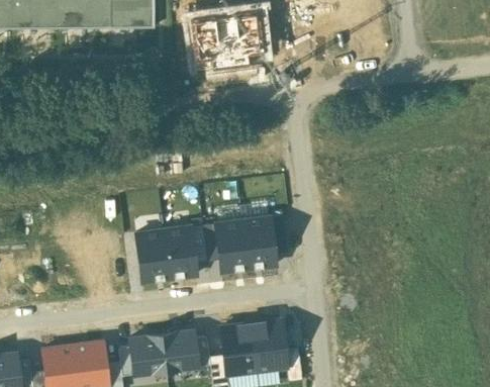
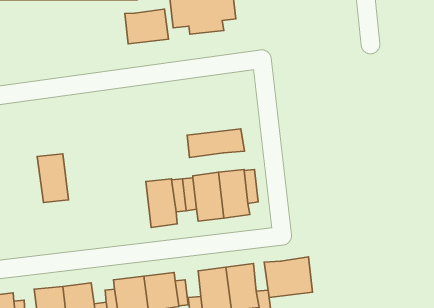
building: none -> [125,9,168,44]
building: none -> [187,129,244,158]
building: [134,228,169,282] -> [37,154,69,203]
building: none -> [264,257,313,298]

